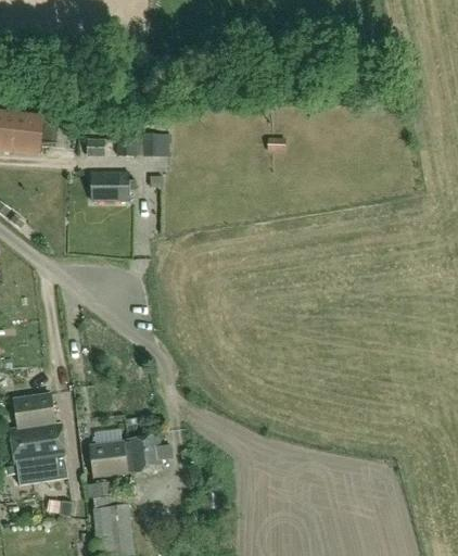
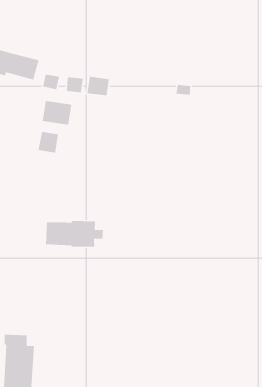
building: none -> [38,131,59,153]
building: [92,435,169,477] -> [45,220,104,247]

